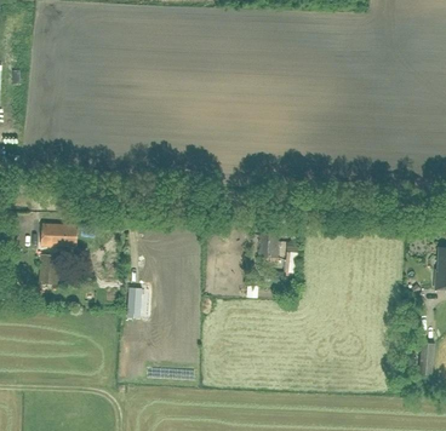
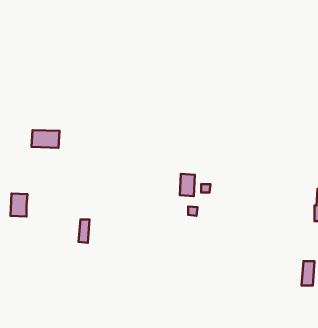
building: [41,223,78,246] -> [32,130,59,148]

